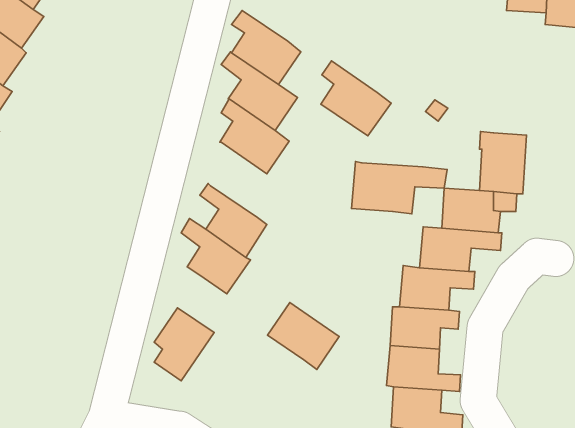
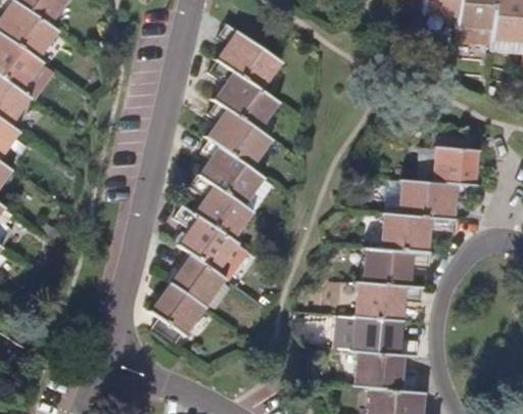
building: [321,61,391,136] -> [200,139,262,204]
building: [352,161,447,214] -> none
building: [268,302,339,369] -> [172,255,234,313]

